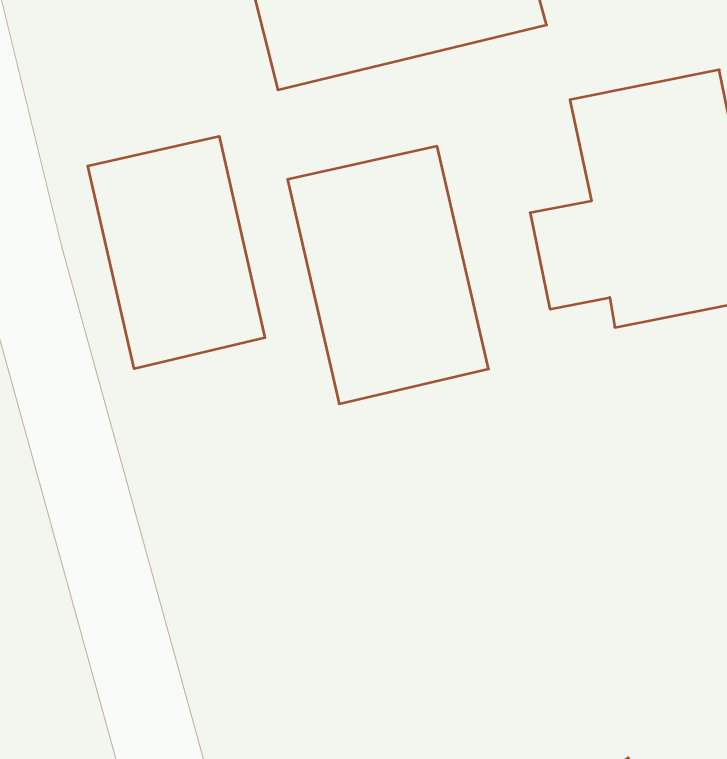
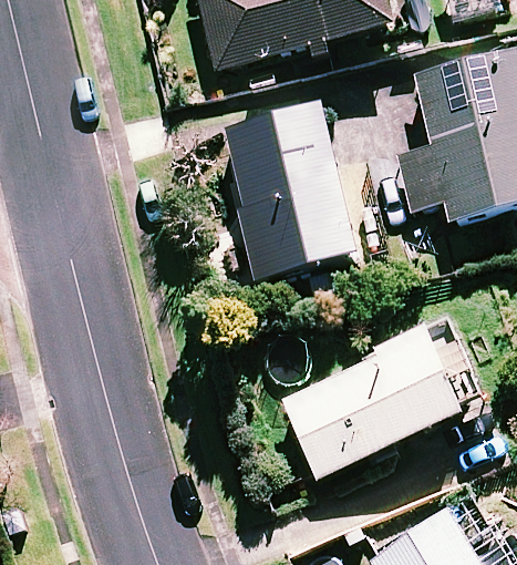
building: [88,136,265,369] -> none
building: none -> [283,326,463,474]

